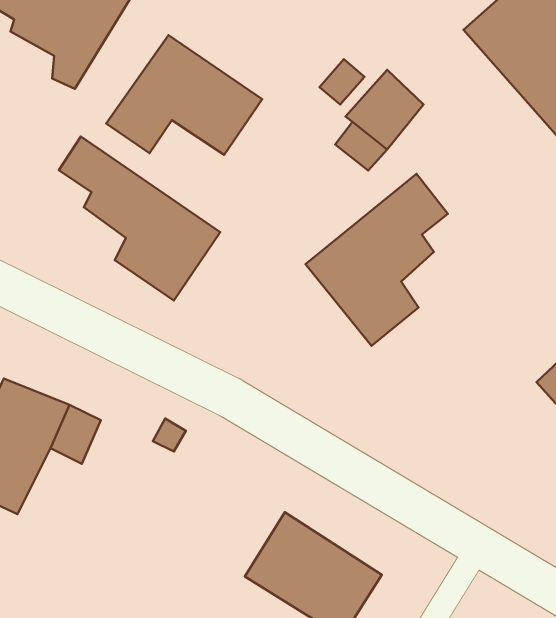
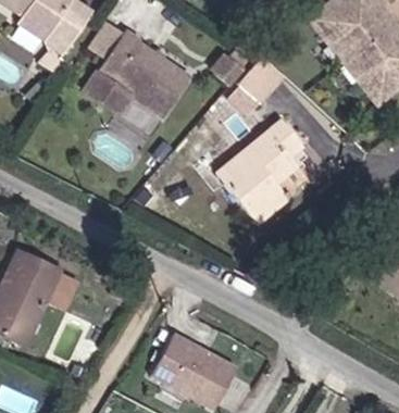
building: [59,137,220,301] -> none

